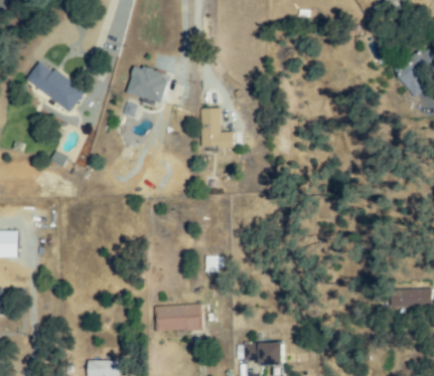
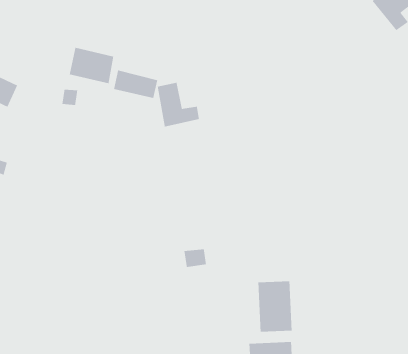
building: none -> [113,70,158,99]
building: none -> [258,281,293,333]
building: [154,306,200,331] -> none

